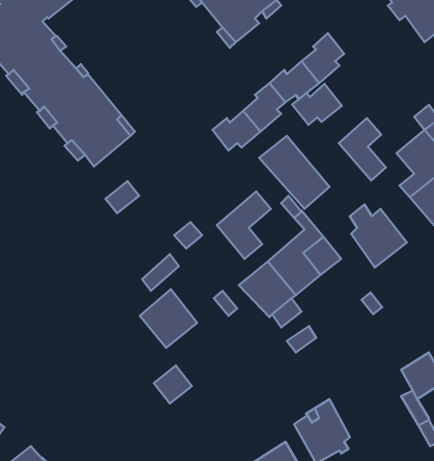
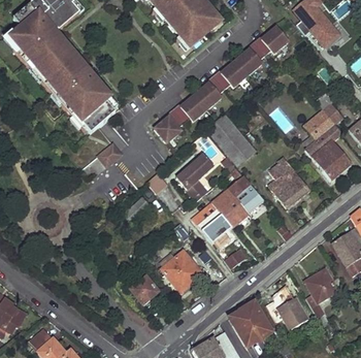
building: [292,84,342,125] -> [254,27,289,56]
building: [339,118,386,181] -> none
building: none -> [154,109,184,144]
building: [140,289,197,348] -> [162,249,202,290]
building: none -> [277,298,310,331]

